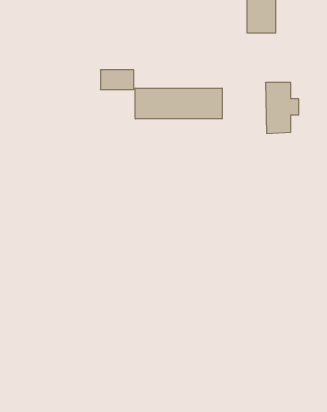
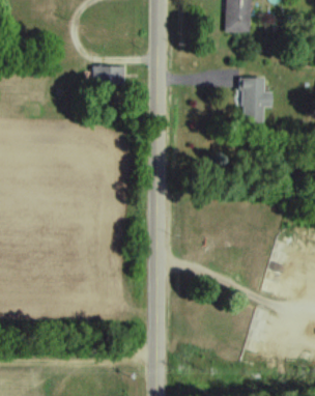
building: [135,88,222,119] -> none

